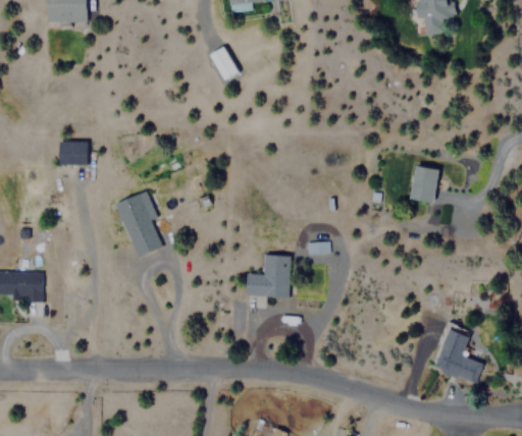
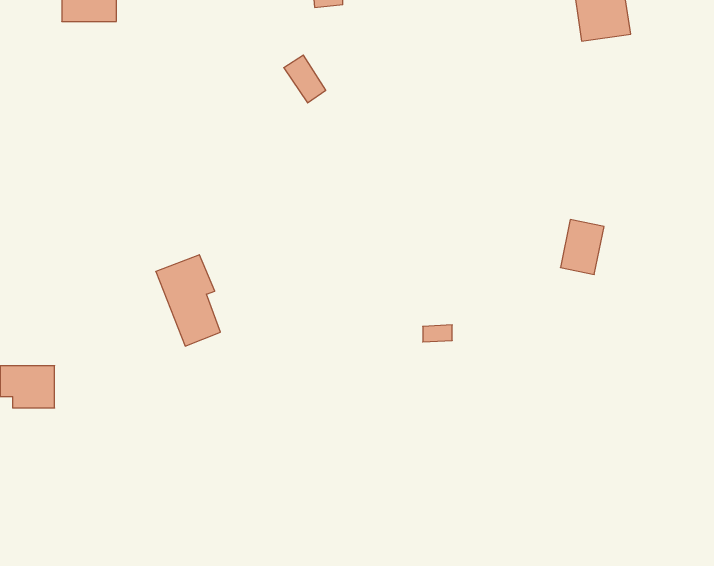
building: [59,142,87,165] -> none
building: [246,254,290,296] -> none
building: [434,327,483,383] -> none

